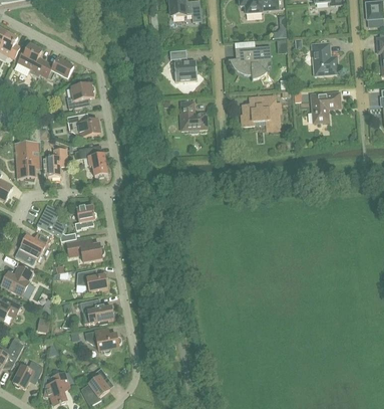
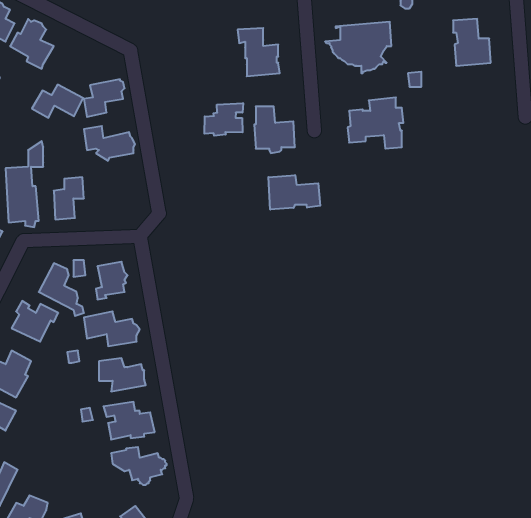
building: [39,56,73,78] -> [32,85,83,118]
building: [311,91,340,121] -> none
building: none -> [204,103,243,136]
building: [74,144,107,176] -> none
building: none -> [268,175,320,210]

